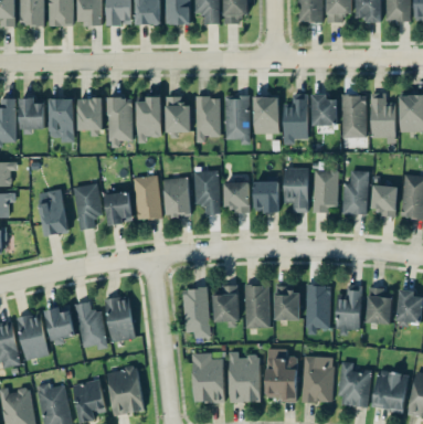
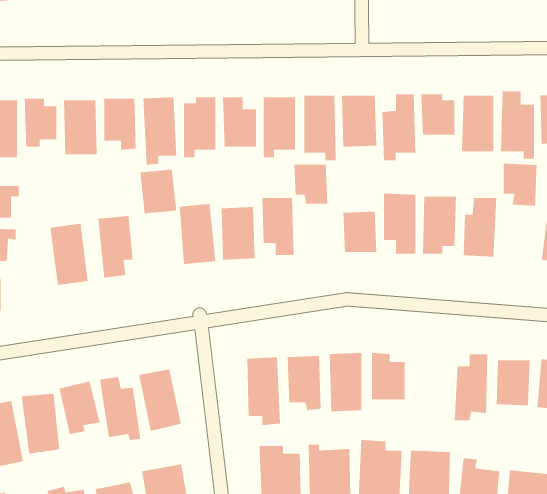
building: [224,182,250,212] -> [293,164,328,205]
building: [372,184,398,216] -> [503,163,537,207]
building: [105,191,133,224] -> [139,169,177,214]
building: [306,284,330,333] -> none

